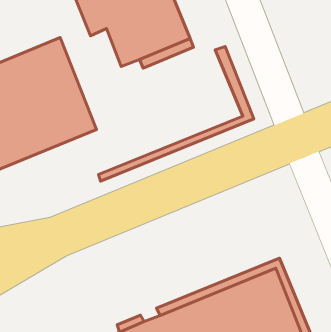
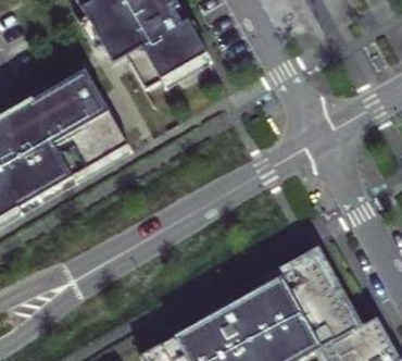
building: [99,47,254,181] -> none

